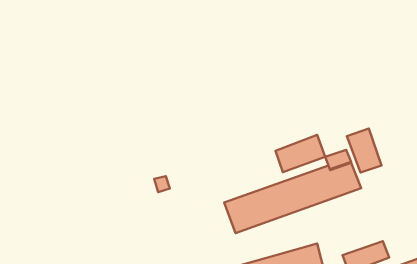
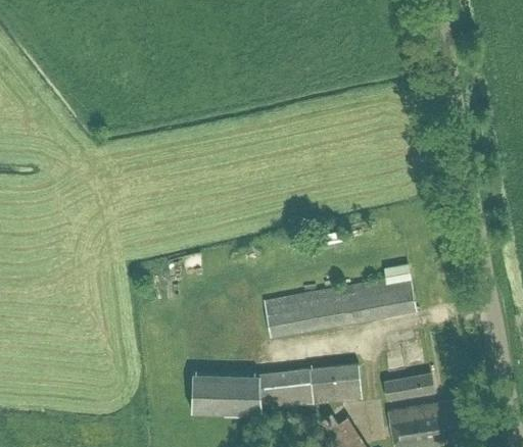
building: [347,129,382,172] -> none
building: [275,135,325,172] -> none

